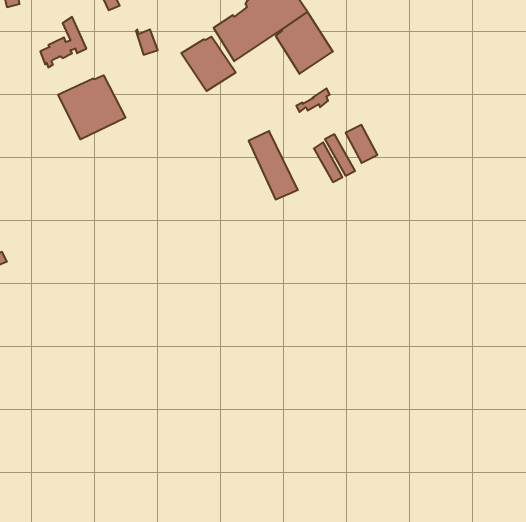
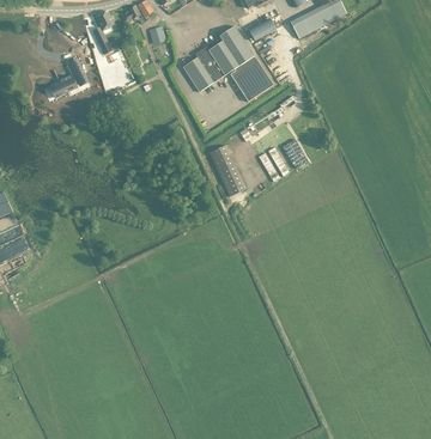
building: [181,37,236,91] -> none
building: [58,75,125,139] -> none

